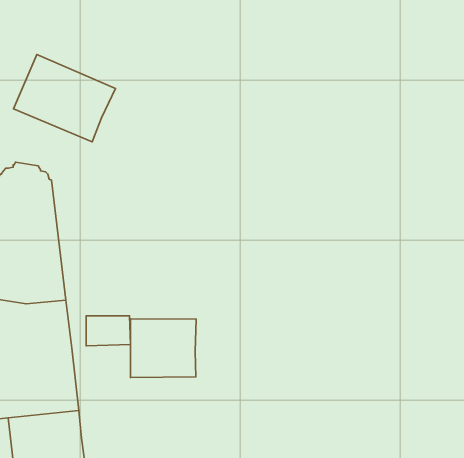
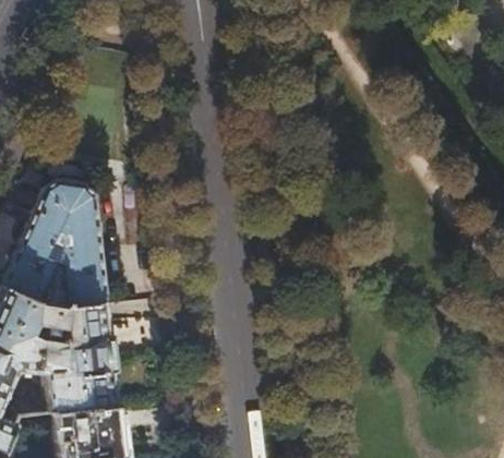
building: [13,54,115,142] -> none
building: [131,319,196,378] -> none

